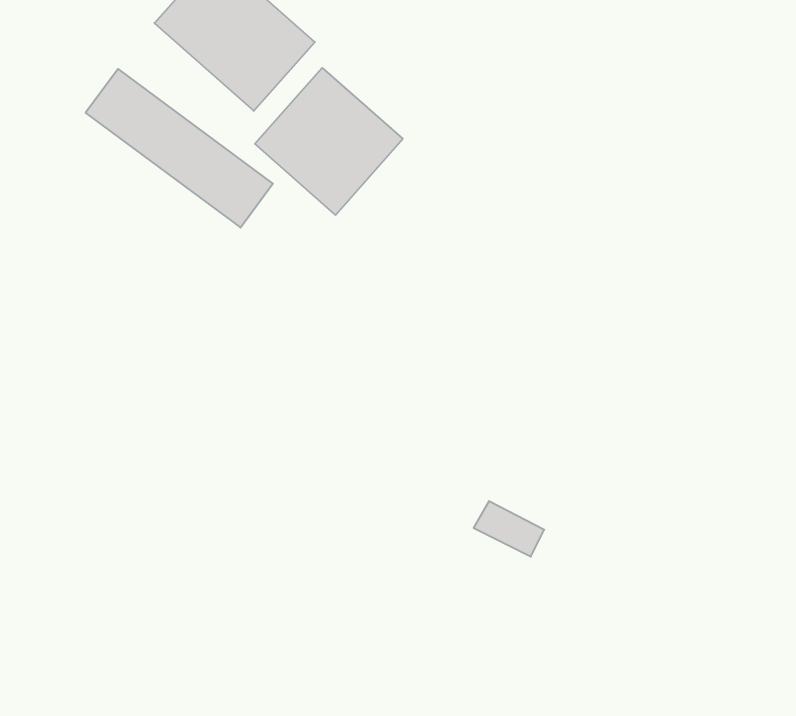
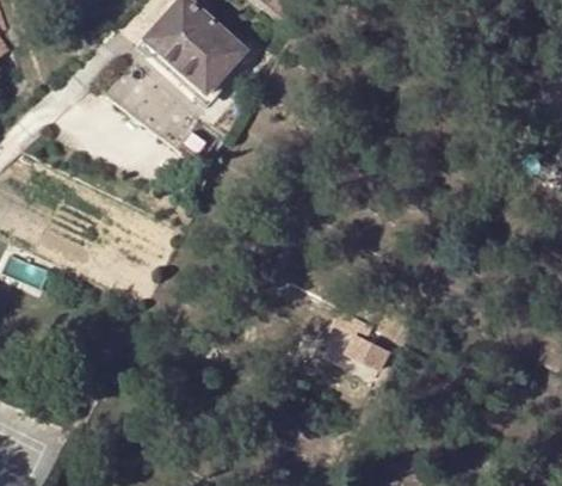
building: [255,68,403,215] -> none

